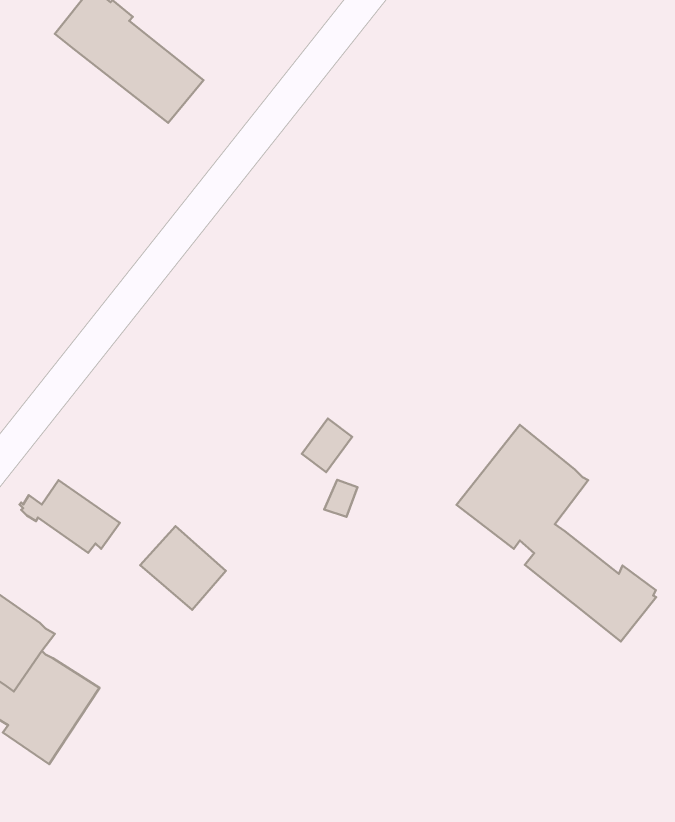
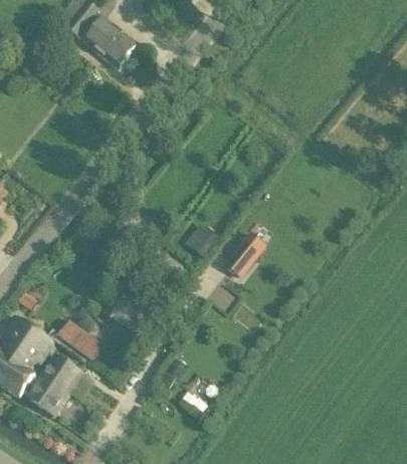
building: [457,425,656,642] -> none
building: none -> [225,235,262,276]
building: [19,480,120,553] -> [48,323,103,363]

